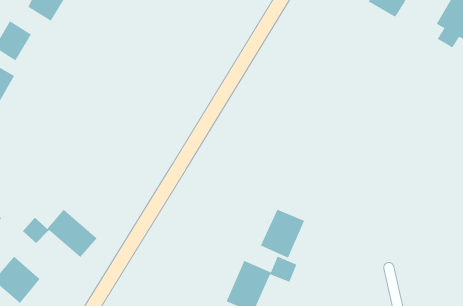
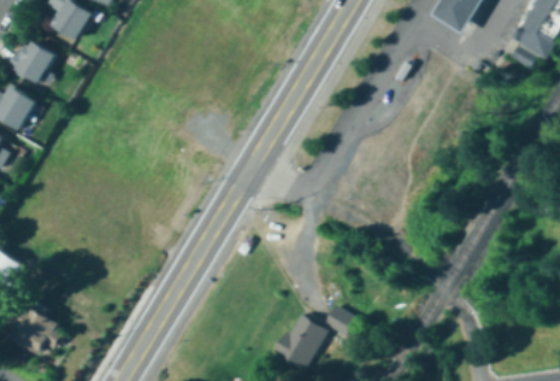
building: [260,209,305,258] -> none
building: [22,209,98,258] -> none

